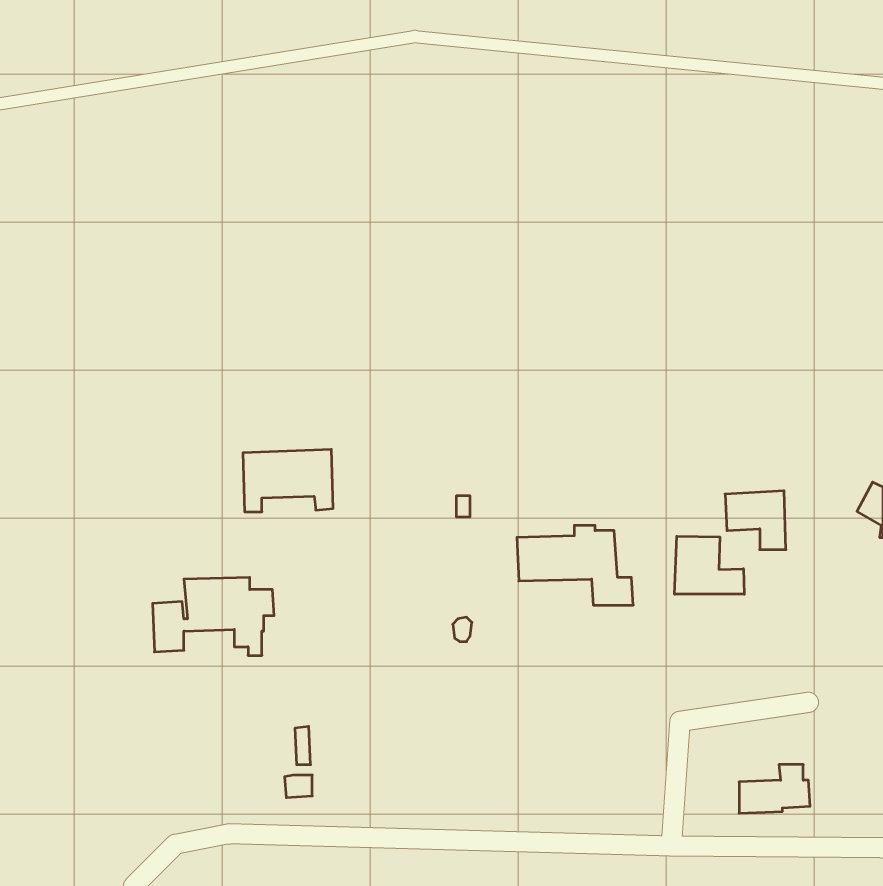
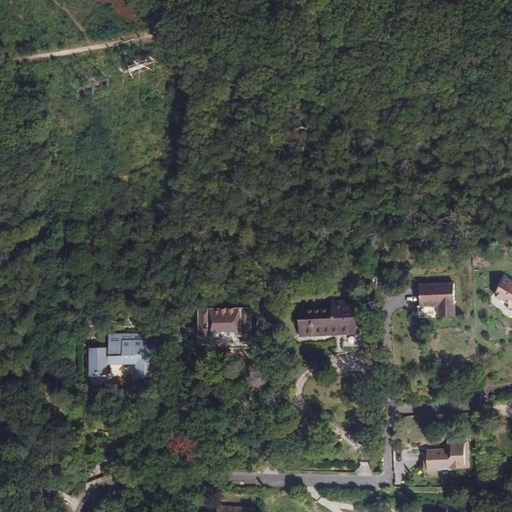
building: [243,449,333,512] -> [198,308,250,344]
building: [675,536,744,594] -> none

